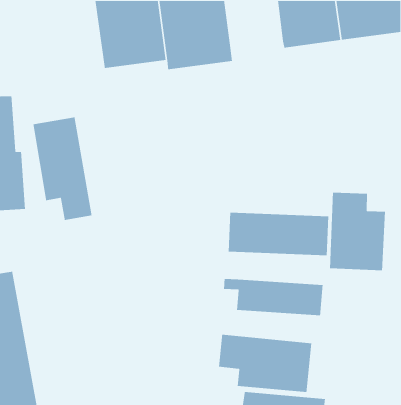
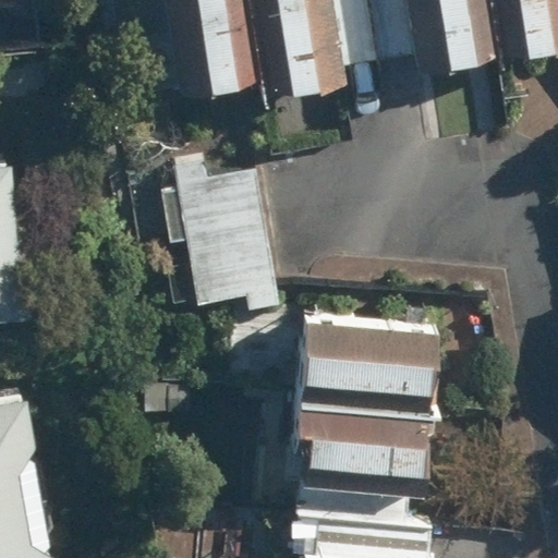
building: none -> [154,161,275,304]
building: [32,117,92,221] -> none
building: [329,192,386,271] -> none

